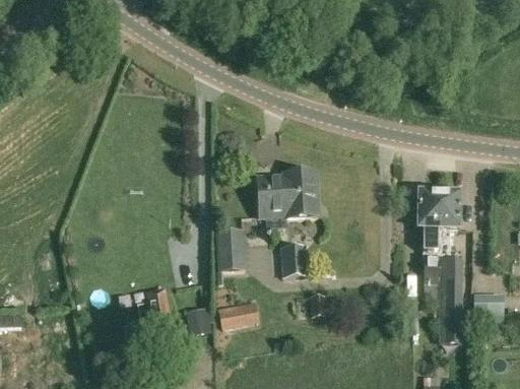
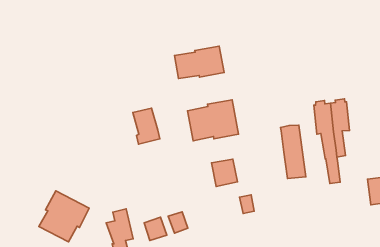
building: none -> [174,46,224,79]
building: [217,229,247,271] -> [133,108,160,144]
building: none -> [39,191,89,242]
building: [439,259,462,326] -> [281,125,306,178]

